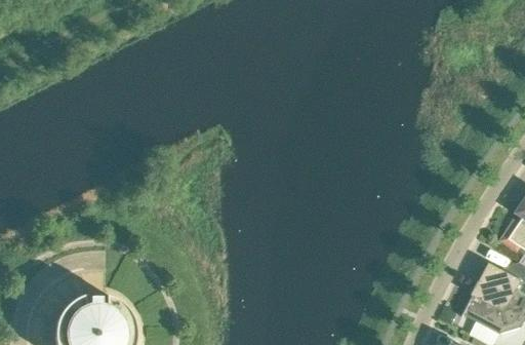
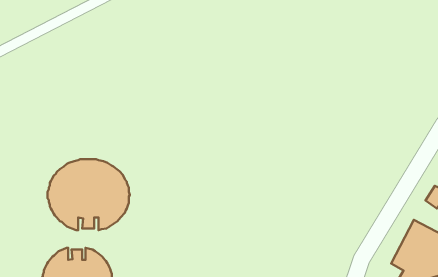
building: none -> [48,159,130,230]

